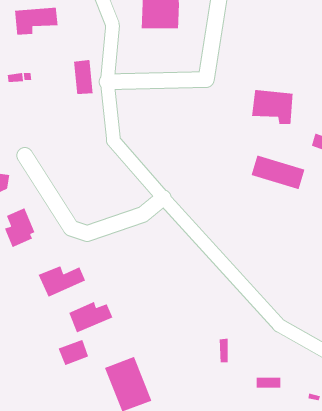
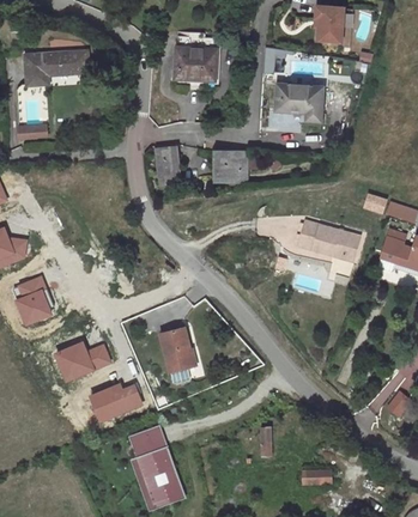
building: [73,59,93,95] -> [155,147,177,188]
building: [251,89,293,125] -> [280,73,328,114]
building: none -> [214,150,244,185]
building: none -> [160,328,193,369]
building: [58,339,89,366] -> [128,426,164,457]

